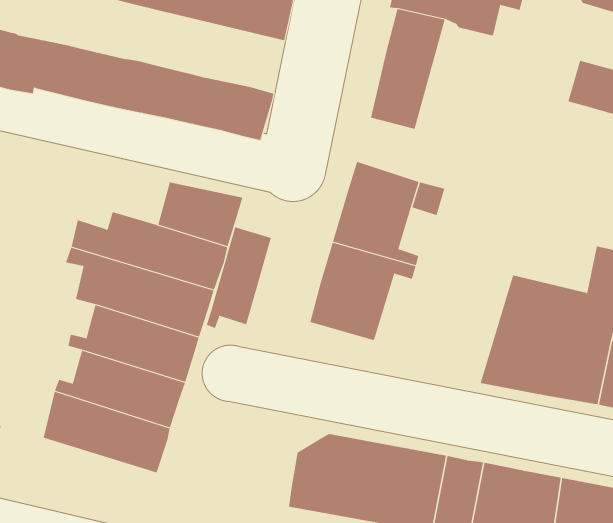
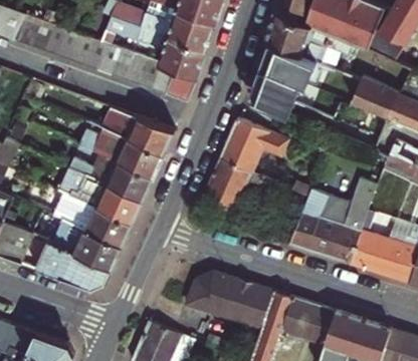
building: none -> [133,26,207,79]
building: none -> [270,51,316,114]
building: [206,226,272,329] -> none
building: none -> [37,245,112,293]

